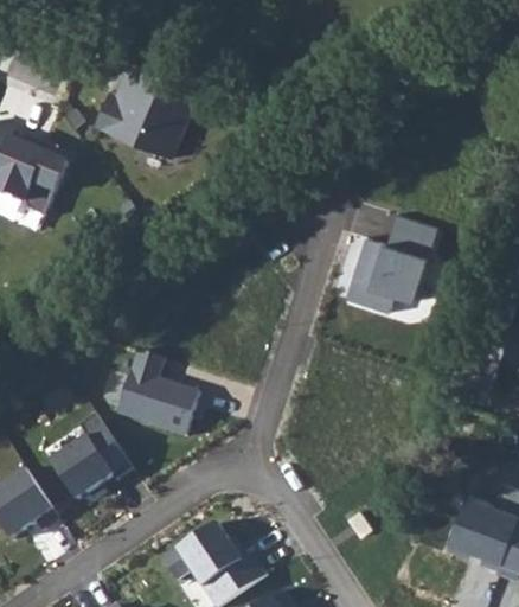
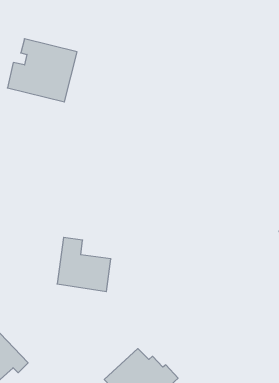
building: [345,213,436,313] -> none
building: [50,414,132,500] -> none

